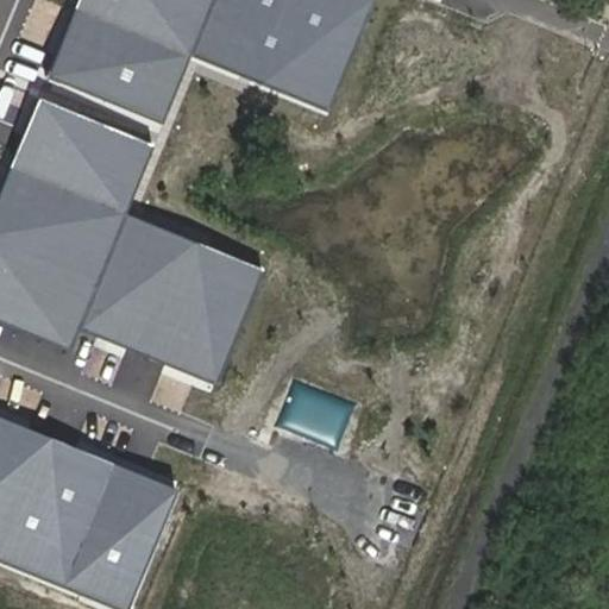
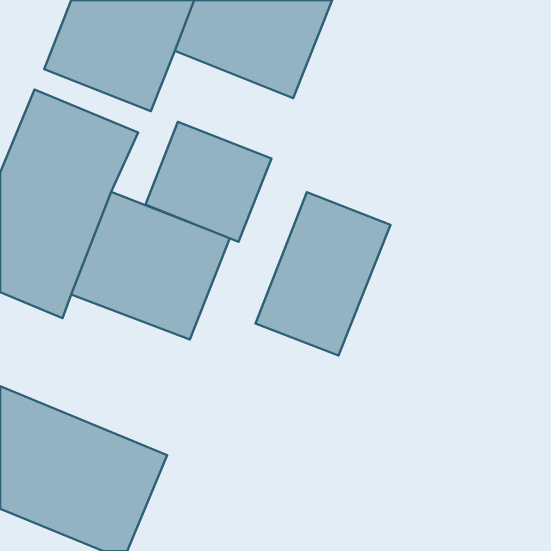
building: none -> [146,122,271,242]
building: none -> [256,192,390,355]

